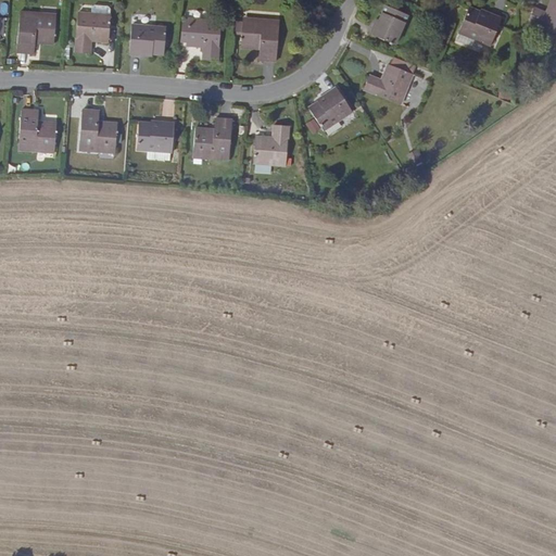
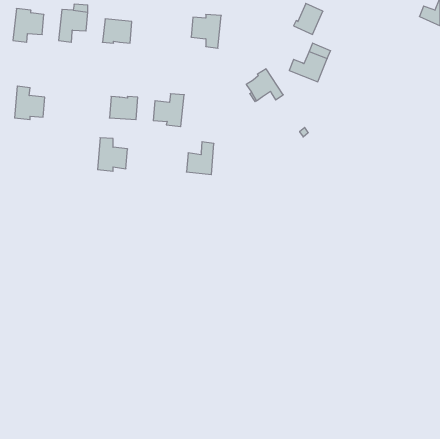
building: [459,8,502,45] -> none
building: [180,18,222,60] -> none
building: [79,110,117,152] -> [98,138,128,171]
building: [254,124,289,165] -> [186,142,214,175]

